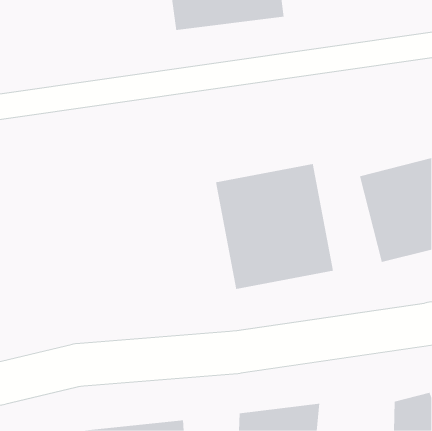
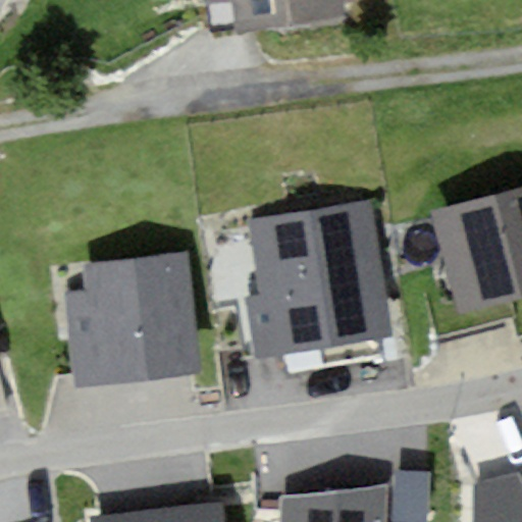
building: none -> [65,253,198,390]

